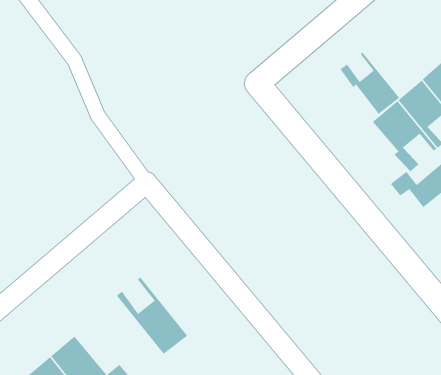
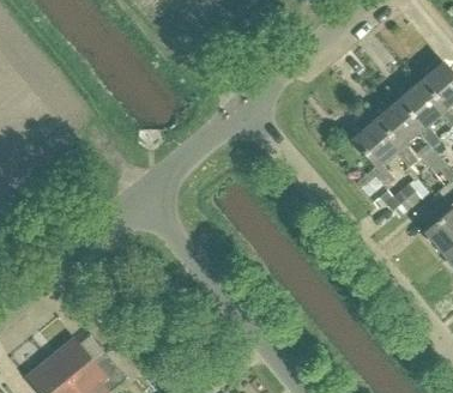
building: [339,52,400,115] -> none
building: [116,277,188,355] -> none

